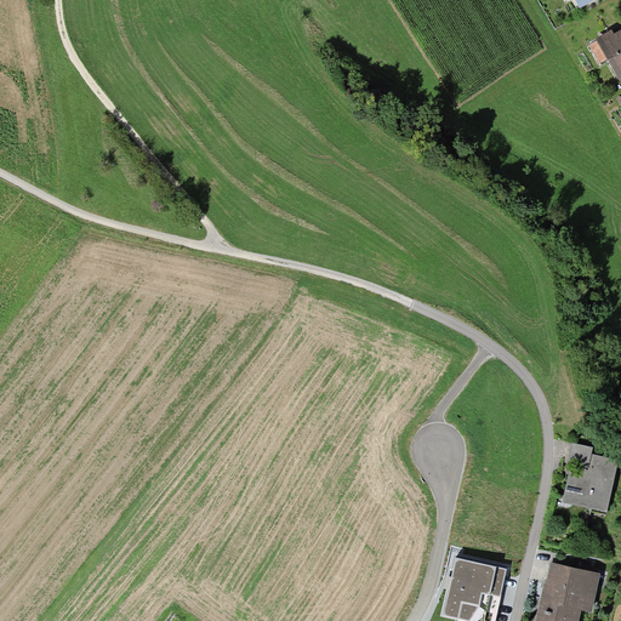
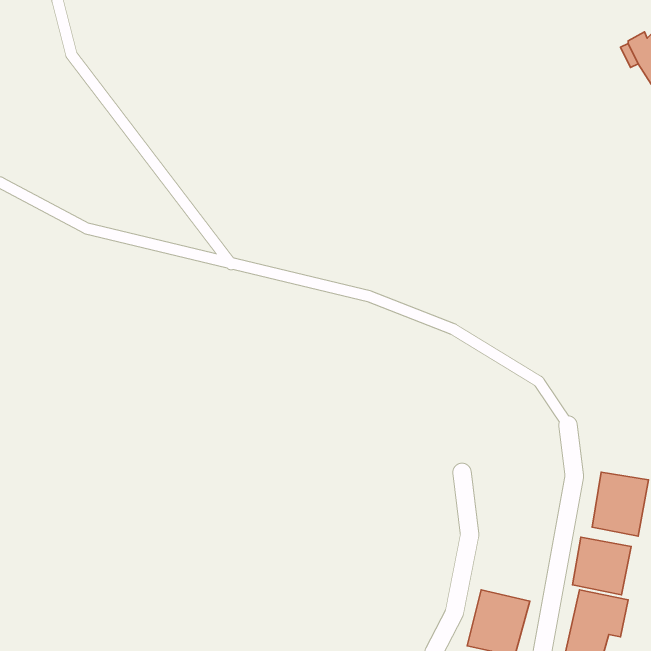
building: none -> [573,537,631,595]

